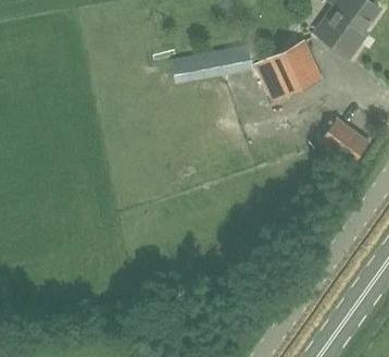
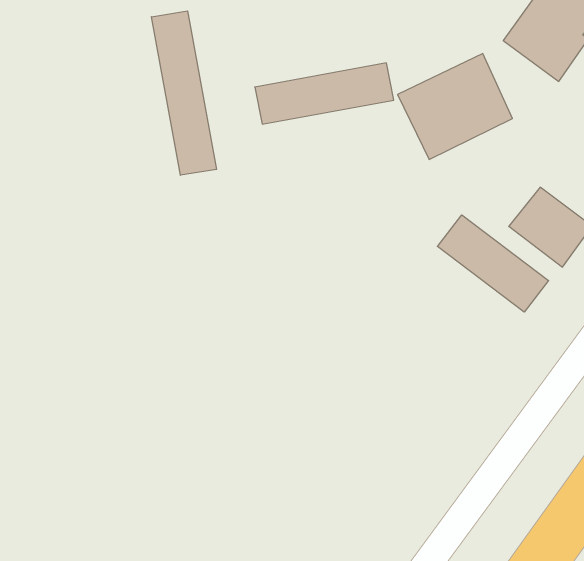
building: none -> [151,11,217,175]
building: none -> [437,215,549,312]

